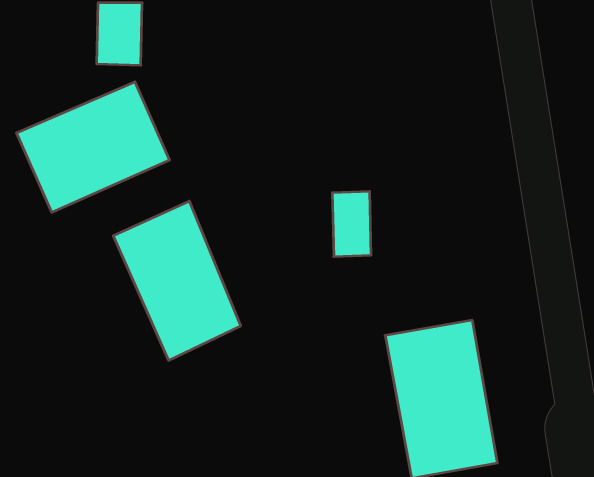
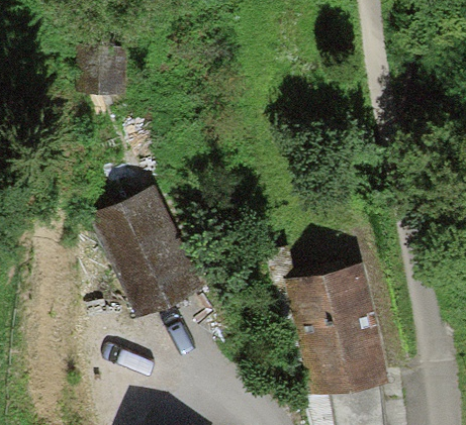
building: [16,82,170,212] -> none

